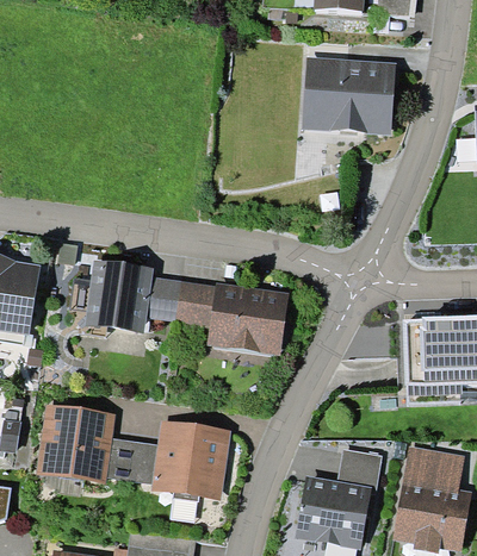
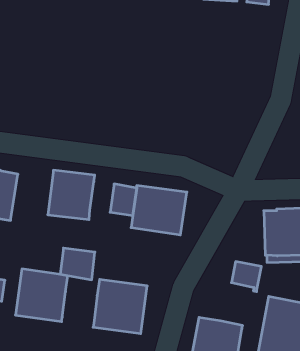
building: [303,57,396,135] -> none
building: [147,276,182,321] -> none
building: [106,438,157,485] -> [60,248,95,280]
building: [339,450,383,494] -> [231,262,261,292]

